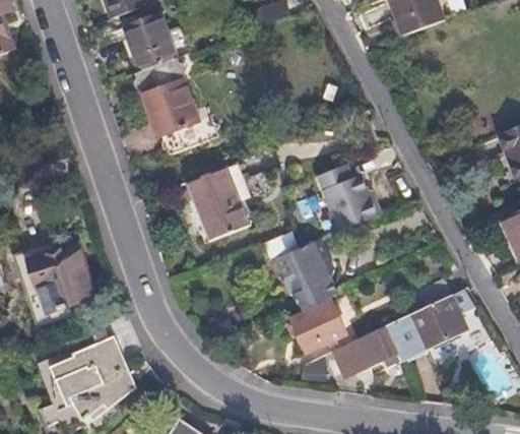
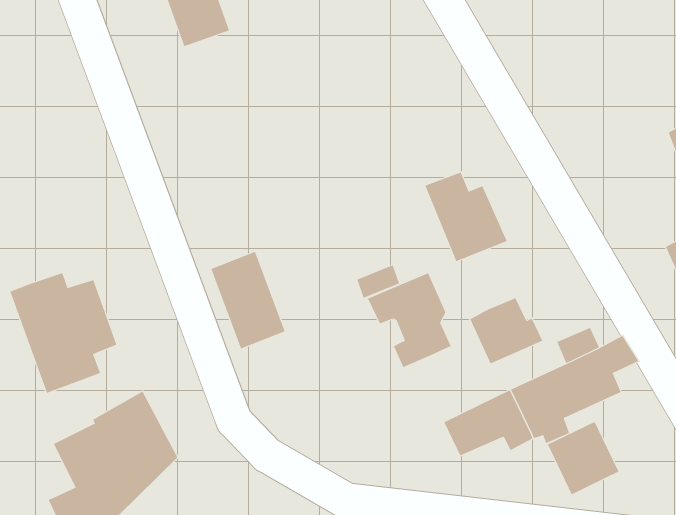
building: [134,57,219,156] -> none
building: [188,168,244,241] -> [211,251,285,349]
building: [289,301,344,351] -> [470,297,543,364]
building: none -> [547,421,619,495]

